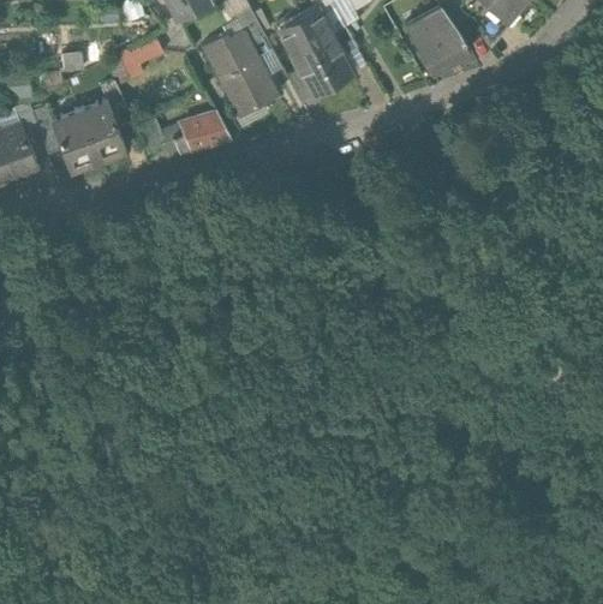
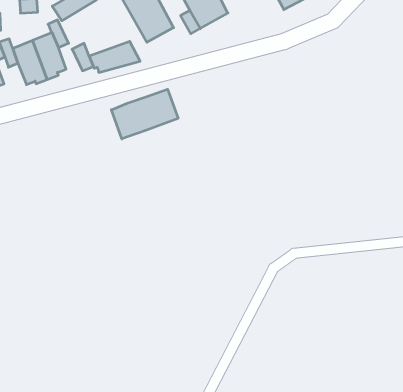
building: none -> [111,89,178,139]

